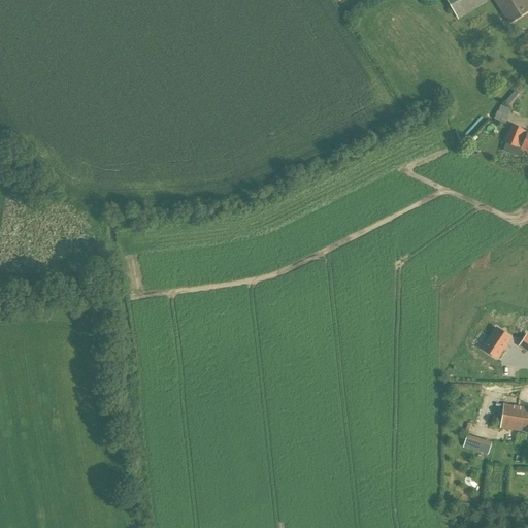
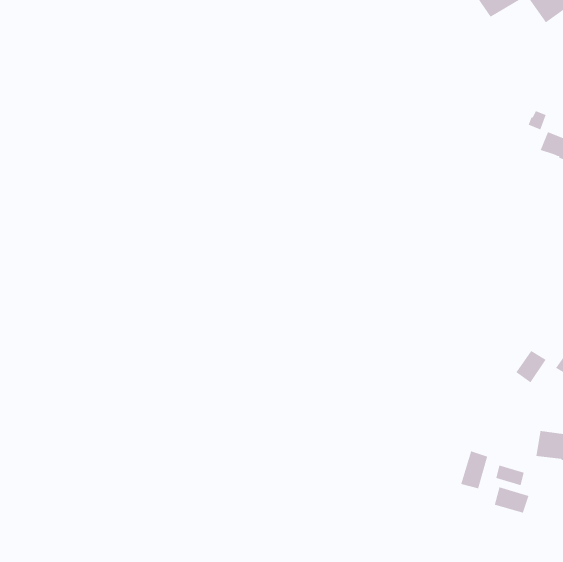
building: none -> [461,450,488,489]
building: none -> [494,487,529,513]

